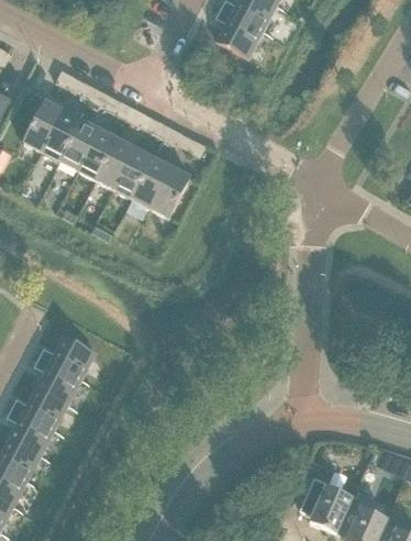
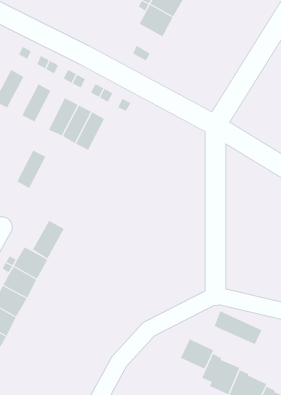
building: [42,109,82,161] -> none
building: [78,128,118,179] -> [16,150,46,189]
building: [149,165,190,217] -> none
building: none -> [32,220,65,259]
building: none -> [214,311,262,345]
building: none -> [180,339,214,369]

